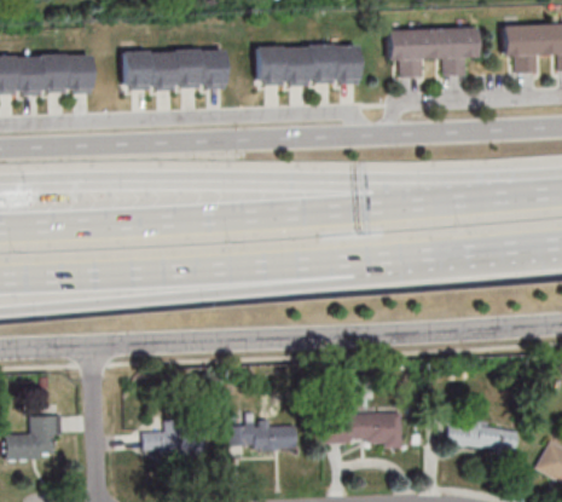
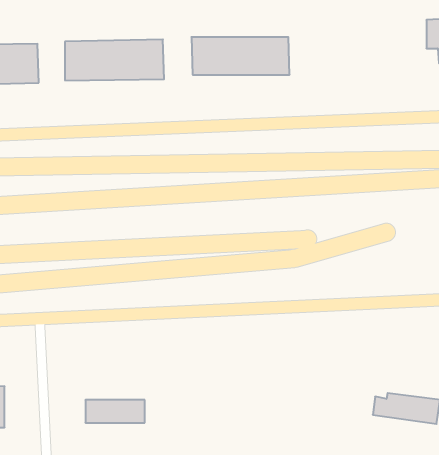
building: [387,27,477,77] -> none
building: [325,414,402,445] -> none
building: [230,421,296,449] -> none

